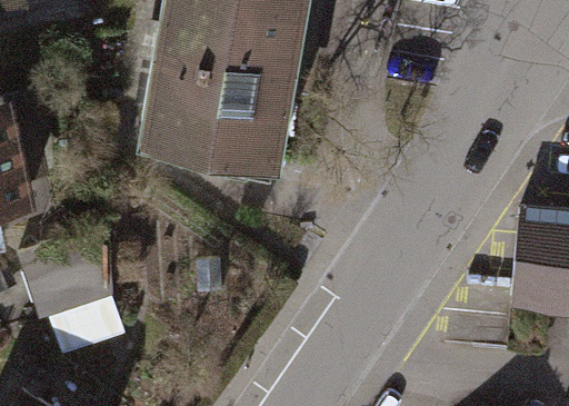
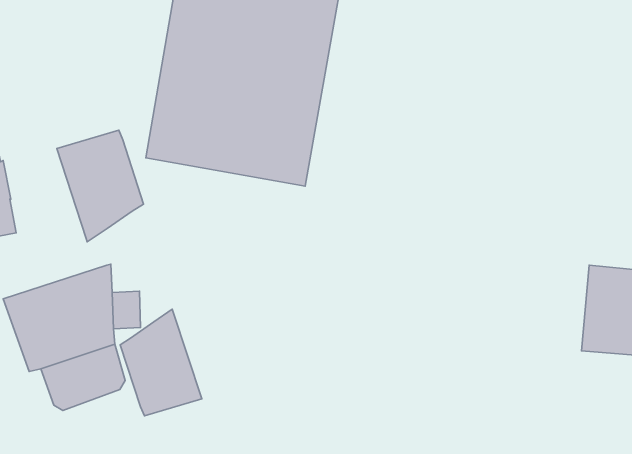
building: none -> [57,130,143,242]
building: none -> [120,309,202,416]

